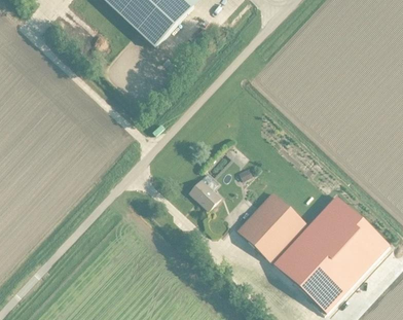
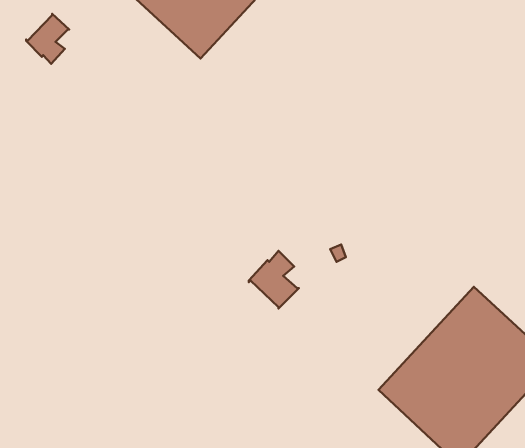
building: none -> [26,14,69,64]
building: [237,191,307,262] -> none

